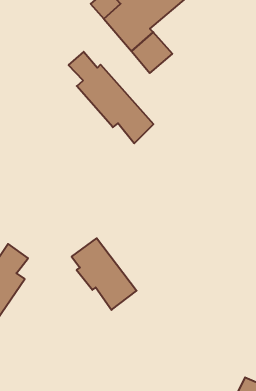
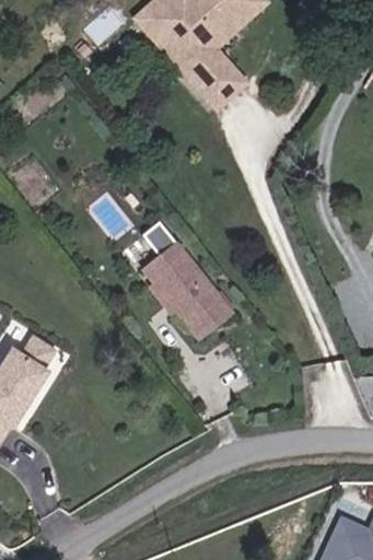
building: [69,52,153,143] -> none
building: [72,238,137,310] -> [147,243,232,337]

